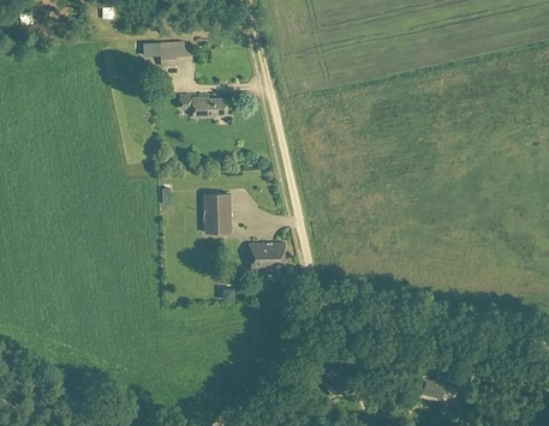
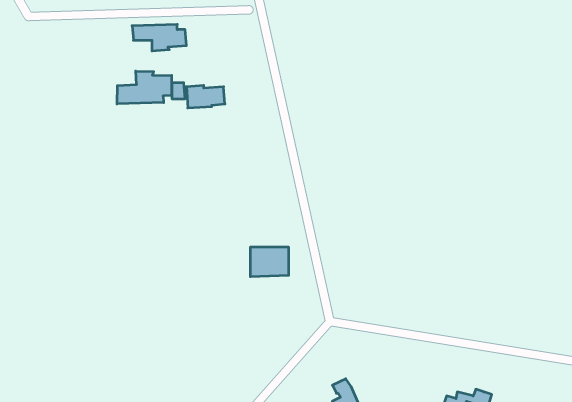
building: none -> [117,71,172,104]
building: [204,192,229,232] -> none

